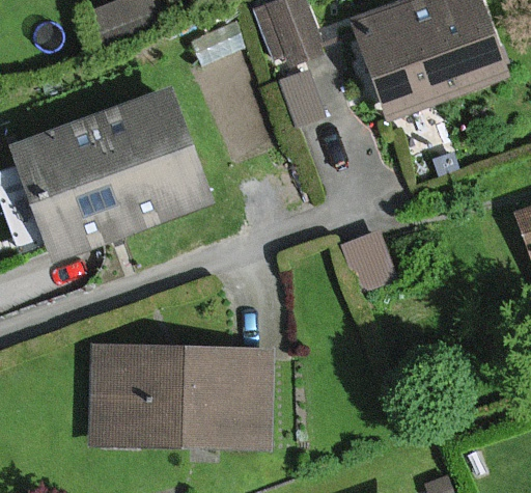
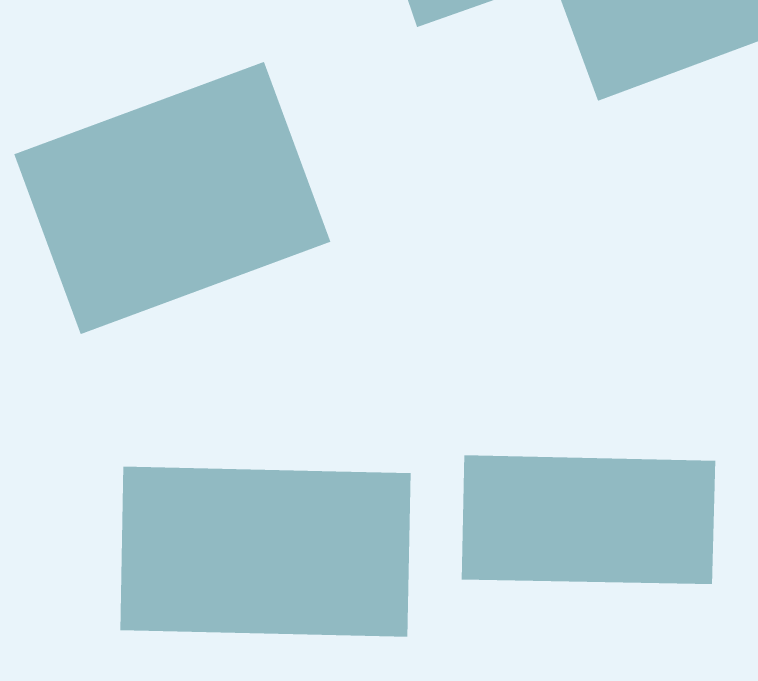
building: none -> [461,455,716,585]

